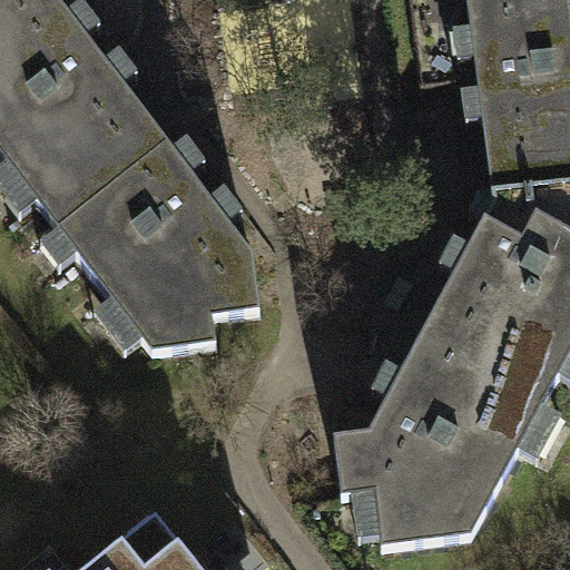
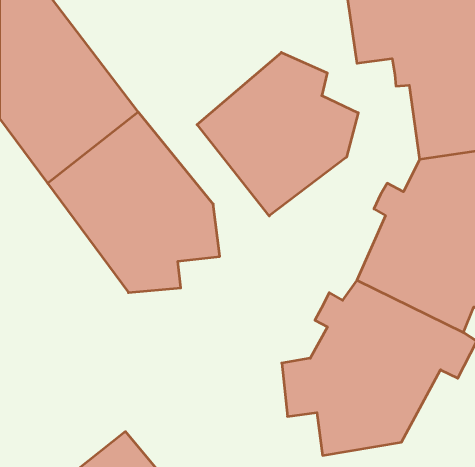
building: none -> [197,52,358,216]

